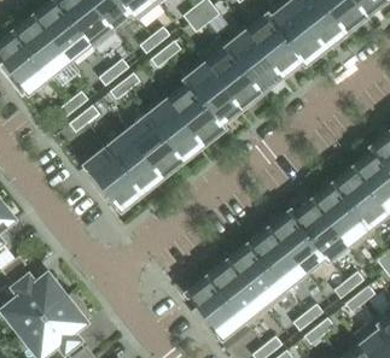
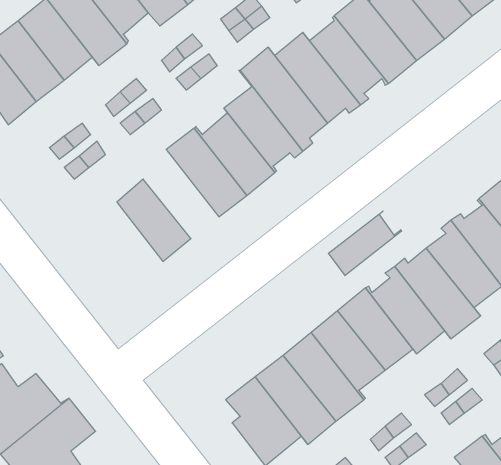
building: [127,111,182,176] -> none
building: [80,149,141,209] -> none
building: none -> [328,211,402,276]

